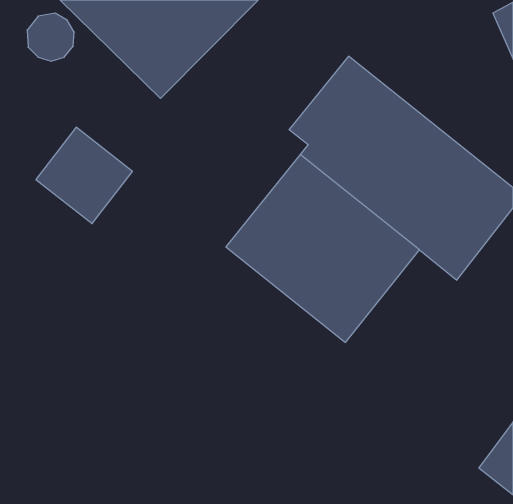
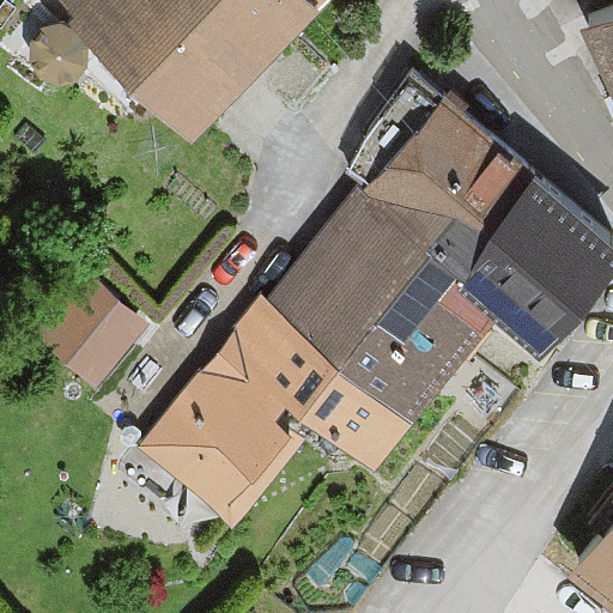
building: [36,127,132,224] -> [30,271,145,386]
building: none -> [141,305,412,523]

